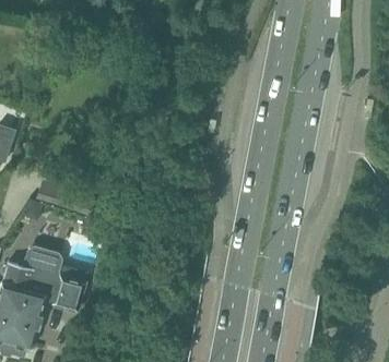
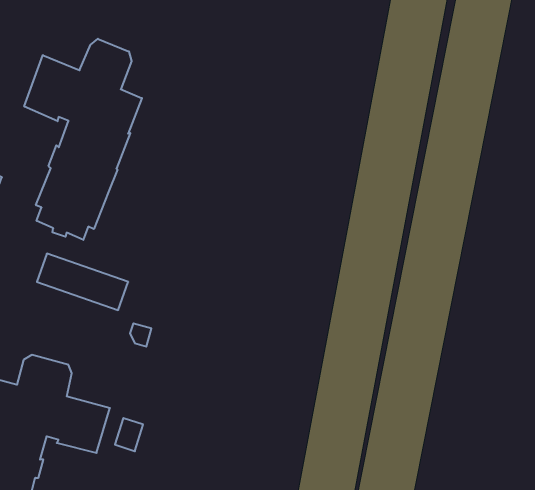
building: none -> [24,39,142,240]

